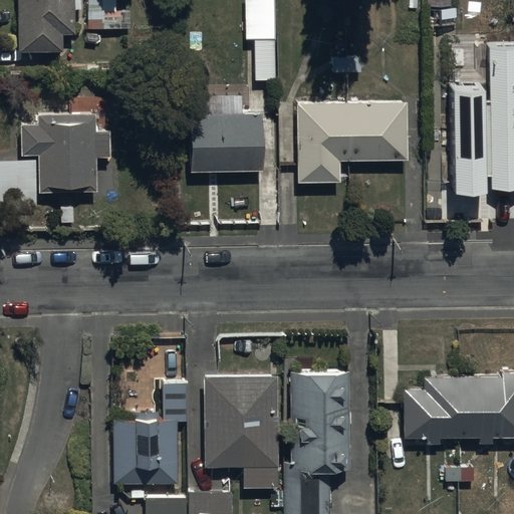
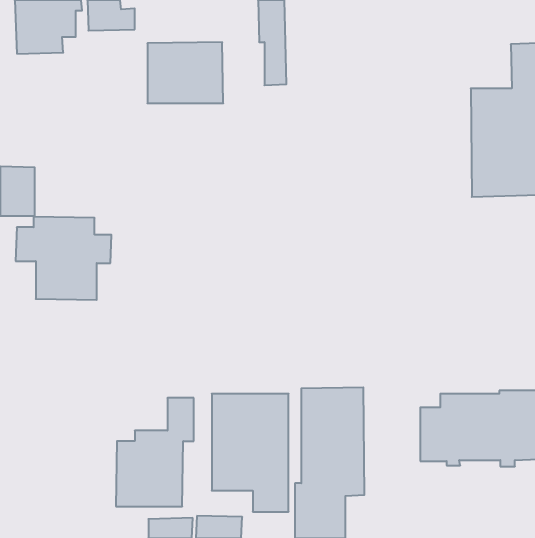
building: [297,102,407,183] -> none
building: [20,113,111,193] -> [16,217,111,300]
building: [190,113,262,172] -> [147,42,223,103]

